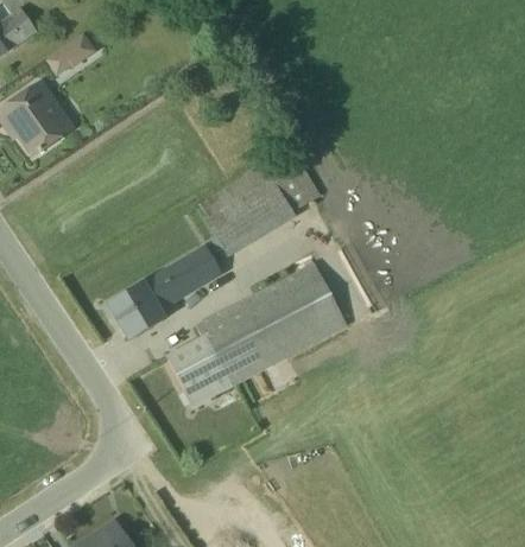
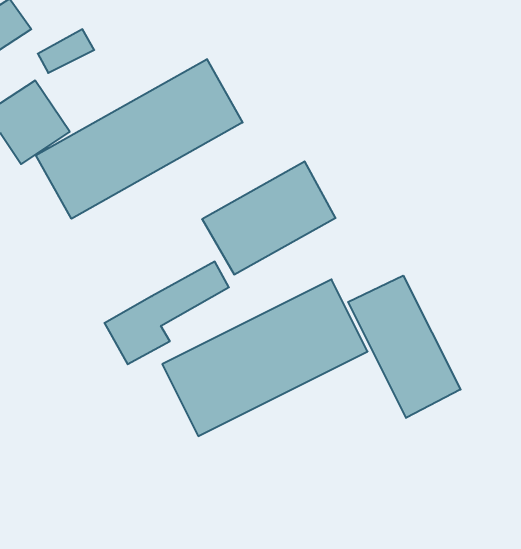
building: none -> [36,59,243,219]
building: none -> [348,276,461,418]

